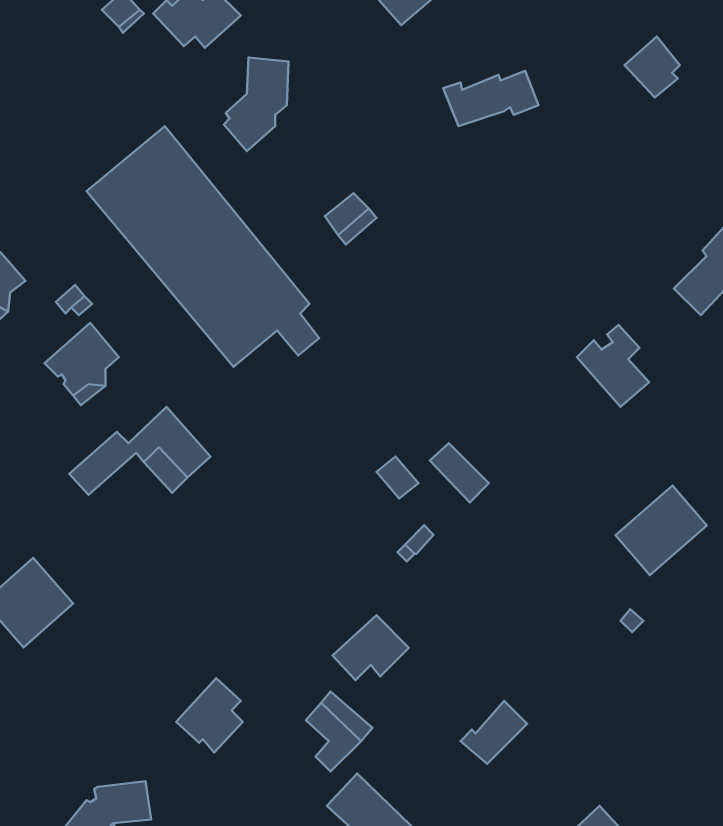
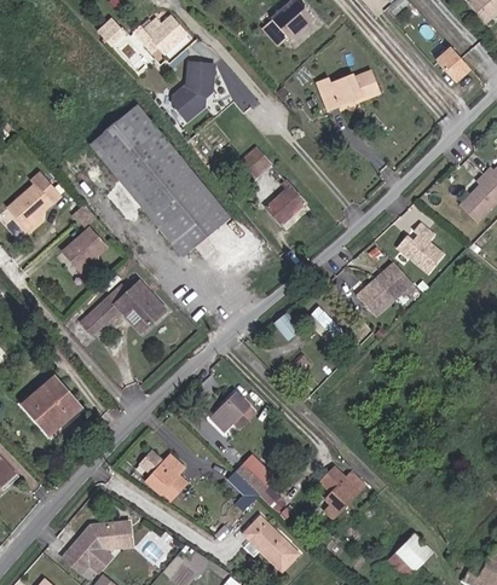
building: none -> [265,178,306,225]
building: [615,485,707,575] -> [357,263,415,320]
building: [333,615,409,680] -> [208,392,256,433]

